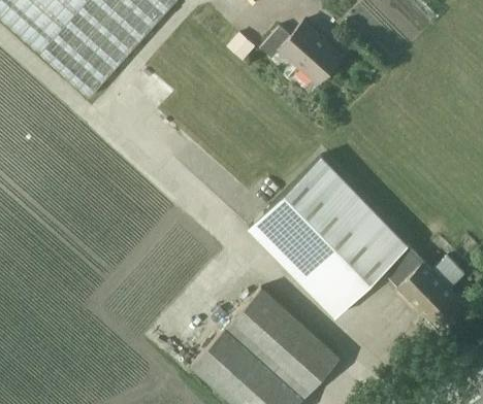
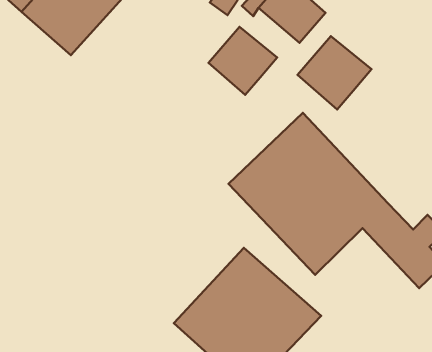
building: none -> [208,27,277,95]
building: none -> [298,36,372,109]

